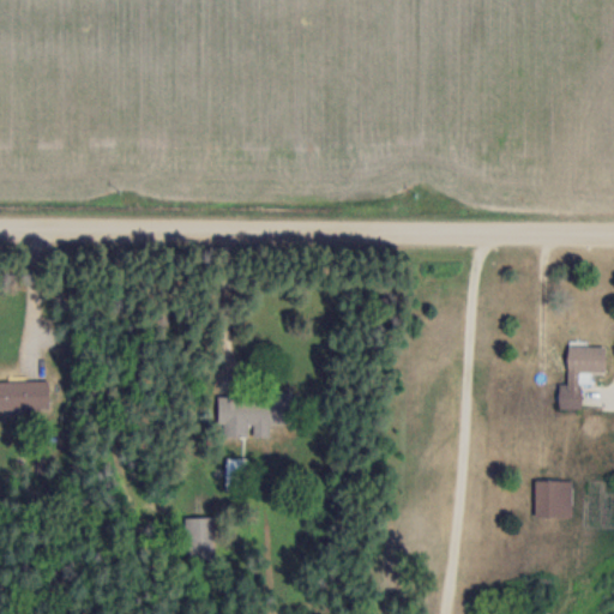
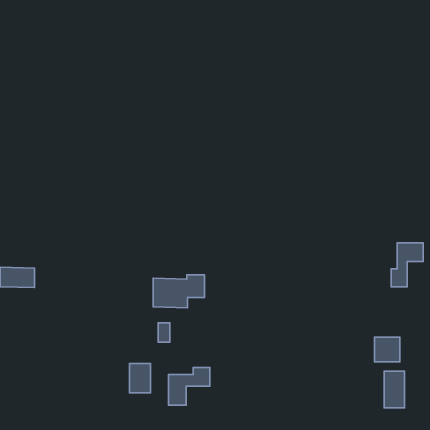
building: none -> [169,368,210,405]
building: none -> [384,371,404,408]

